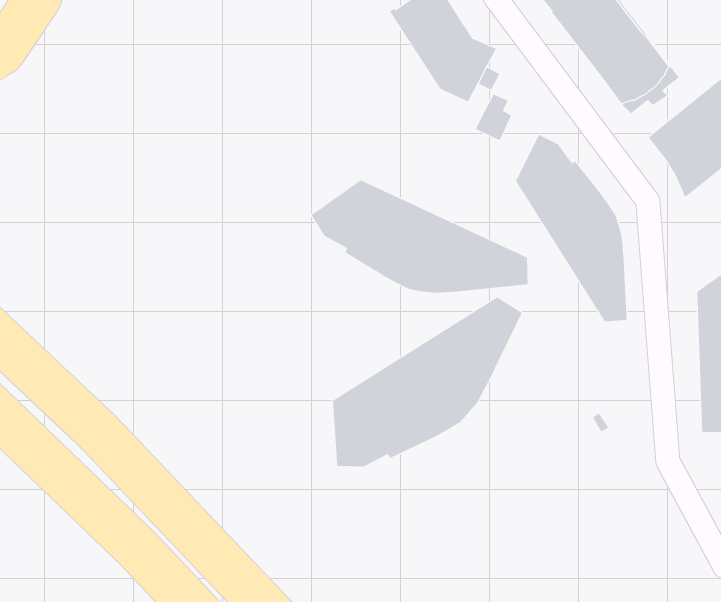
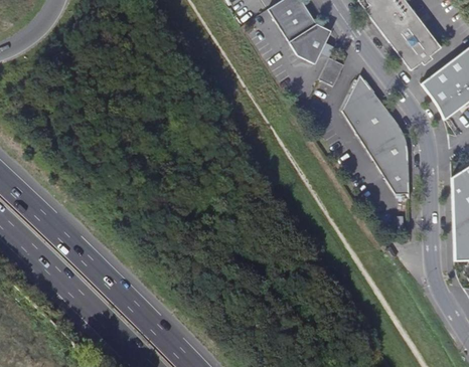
building: [311,179,528,294] -> none
building: [333,297,523,467] -> none

